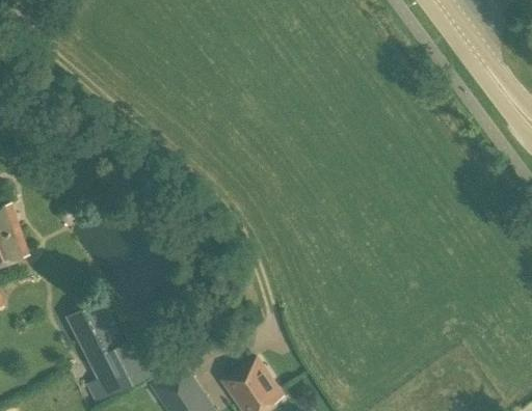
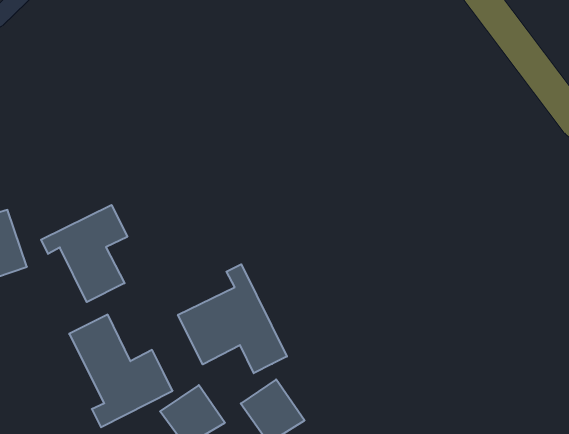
building: none -> [41,205,127,302]
building: none -> [178,264,287,373]

